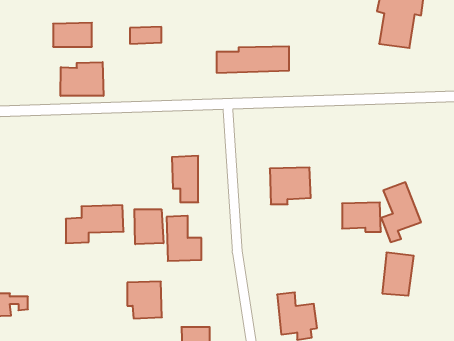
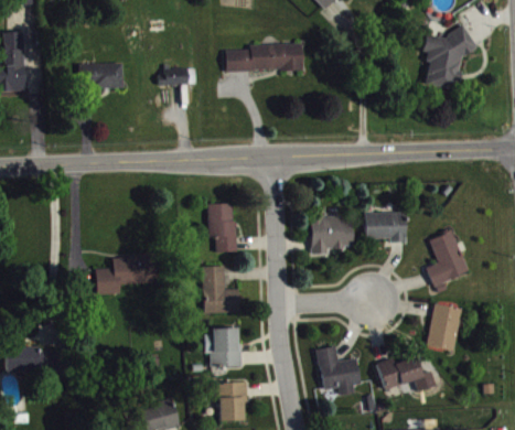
building: [217,46,289,73] -> [226,44,302,72]
building: [61,62,103,96] -> none
building: [342,202,381,232] -> [365,212,406,243]
building: [134,209,163,244] -> none
building: [127,282,162,318] -> [204,329,240,367]
building: none -> [376,356,422,389]

